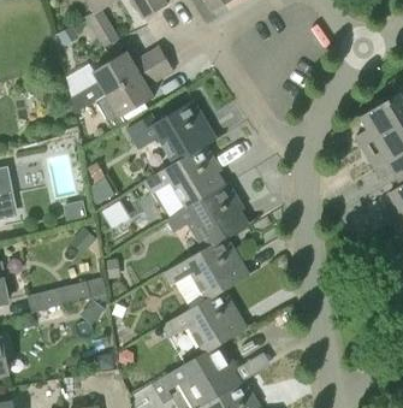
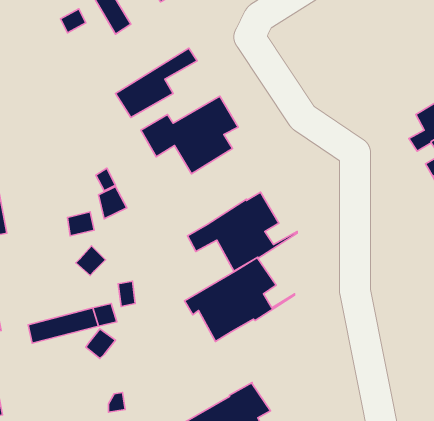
building: [72,46,167,113] -> none
building: [143,132,225,209] -> none
building: [161,290,256,355] -> none

